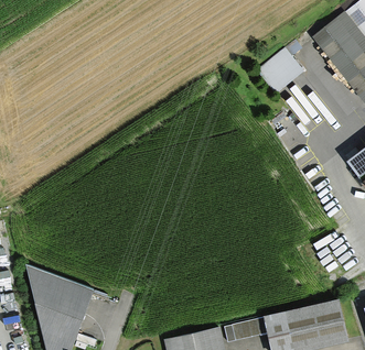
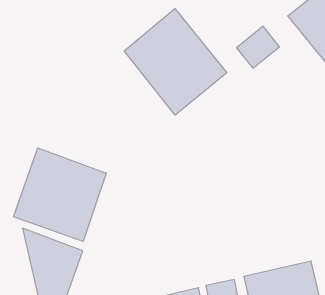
building: none -> [124,9,227,115]
building: none -> [14,148,106,241]

